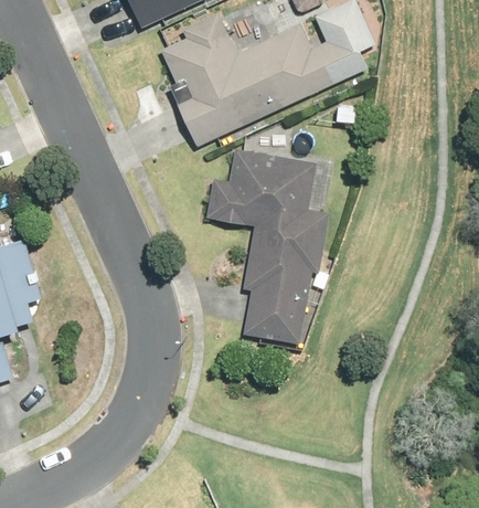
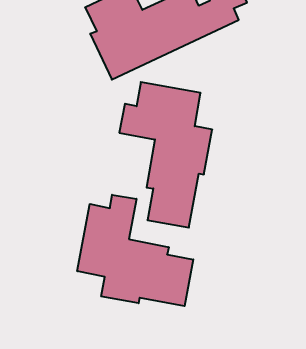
building: none -> [77,195,193,306]

